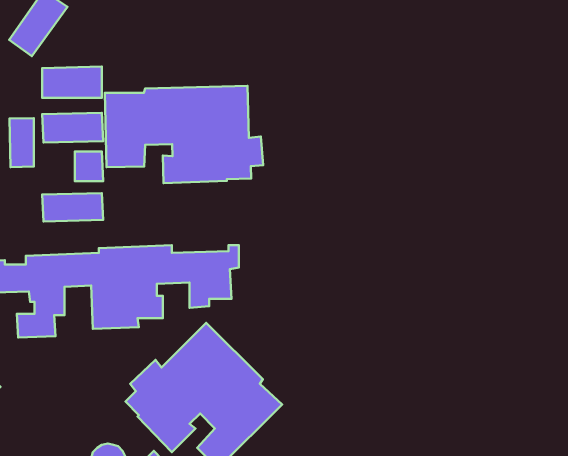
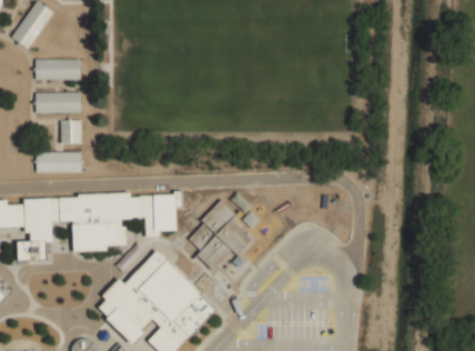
building: [105,86,263,183] -> none
building: [9,118,34,167] -> none
building: none -> [190,199,253,269]

